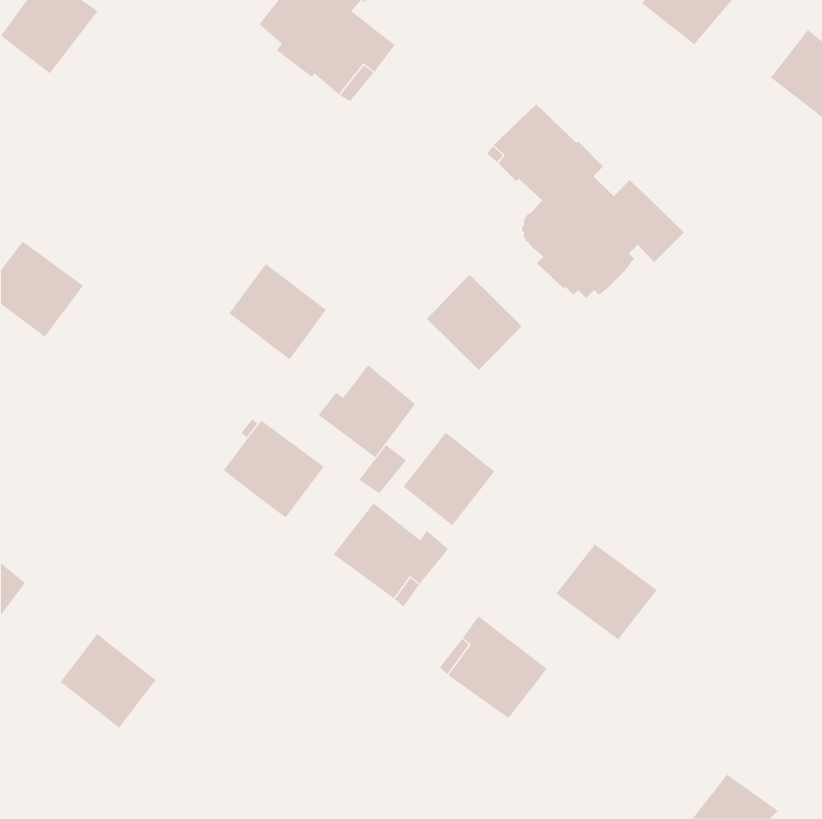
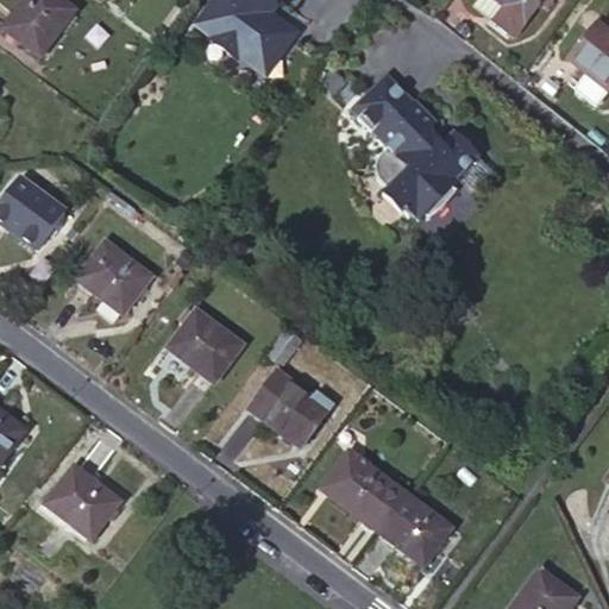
building: [228,263,327,360] -> [77,241,150,313]
building: [426,274,522,371] -> none
building: [318,364,416,458] -> none
building: [403,432,495,526] -> none
building: [556,543,657,640] -> [377,492,452,564]

